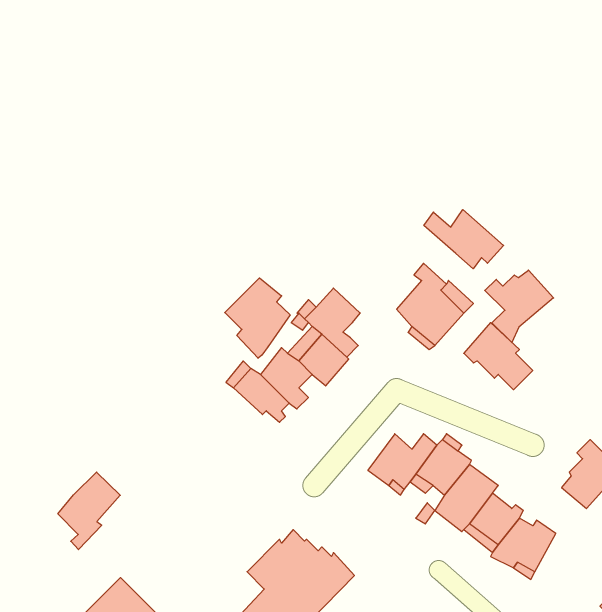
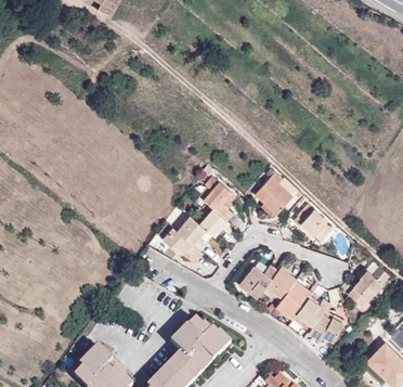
building: [424,210,504,269] -> none
building: [485,270,554,343] -> none
building: [225,278,290,358] -> none
building: [58,472,120,550] -> none

